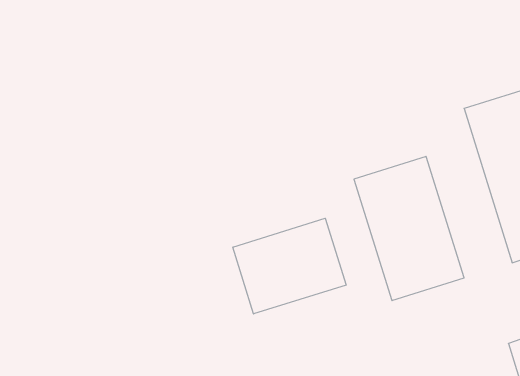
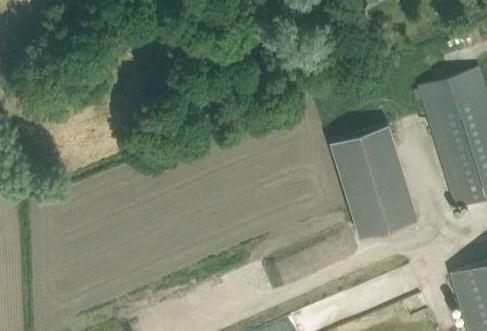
building: [233,218,346,314] -> none

